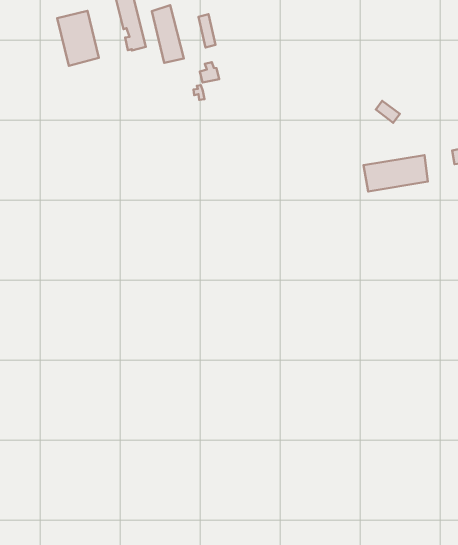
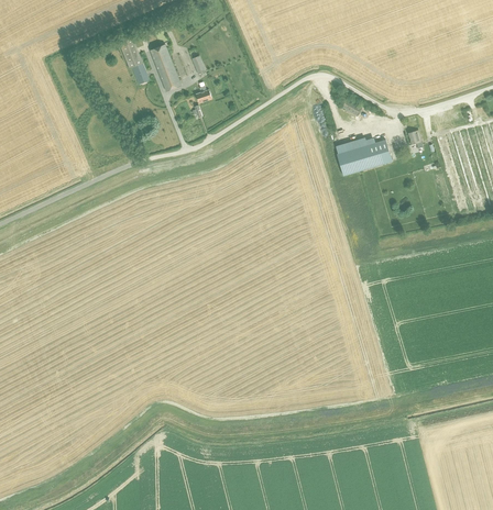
building: [57,11,99,66] -> none

